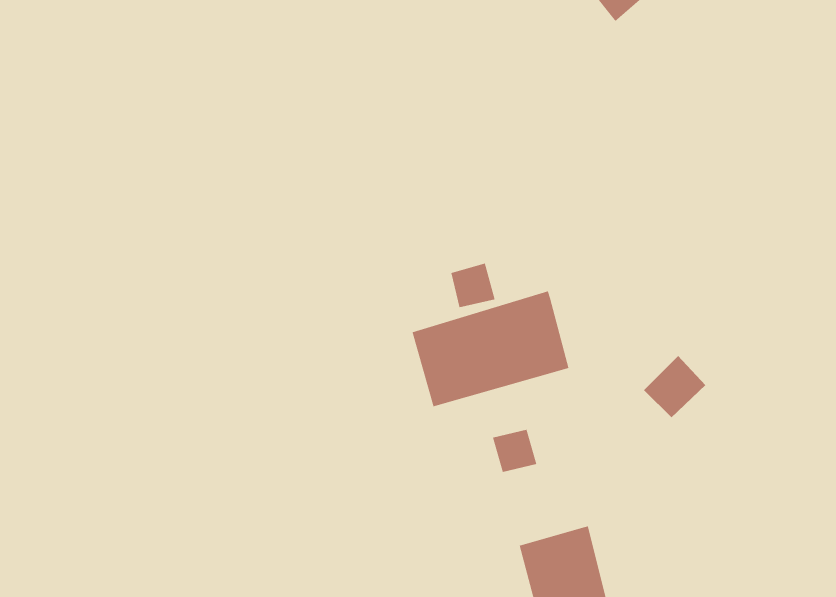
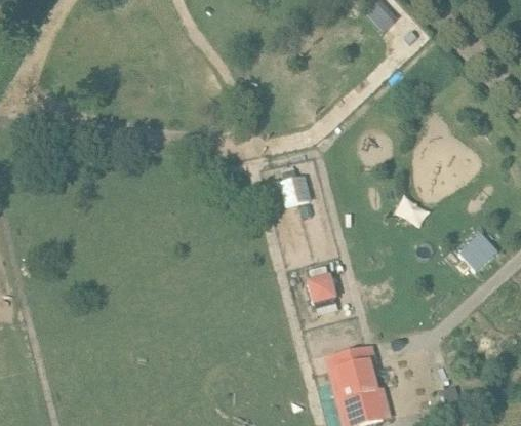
building: [412,291,569,407] -> none
building: [643,355,706,418] -> [459,234,498,273]

